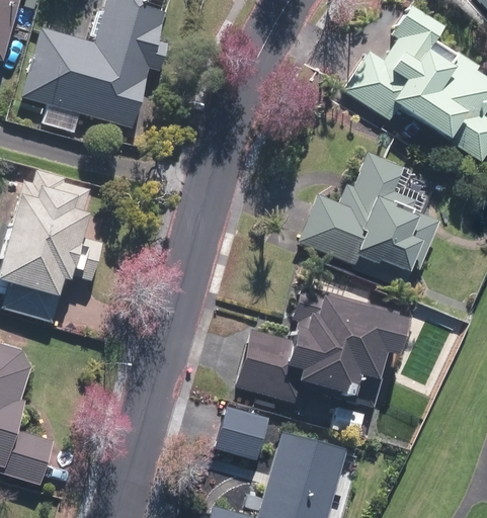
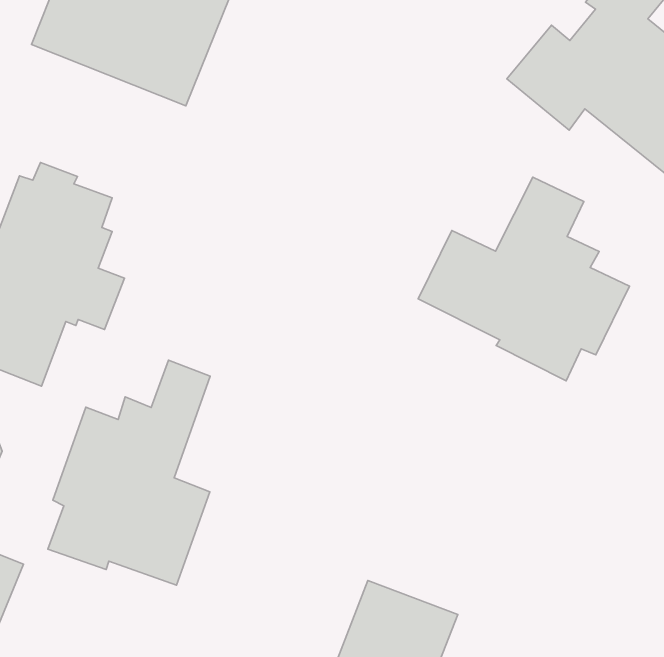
building: [235,285,405,405] -> none
building: none -> [48,360,210,585]
building: [212,404,266,457] -> none

